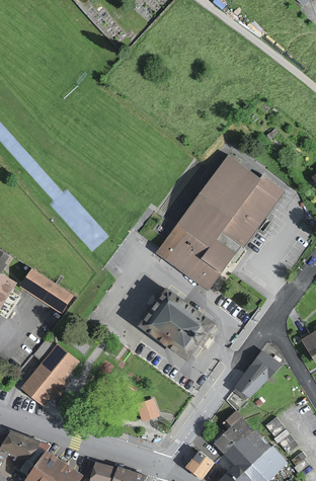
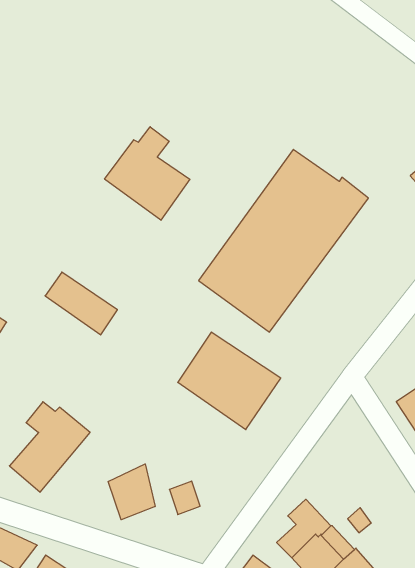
building: none -> [105,127,190,220]
building: [19,269,72,315] -> [45,272,117,335]
building: [233,351,278,400] -> none
building: none -> [108,464,155,520]

